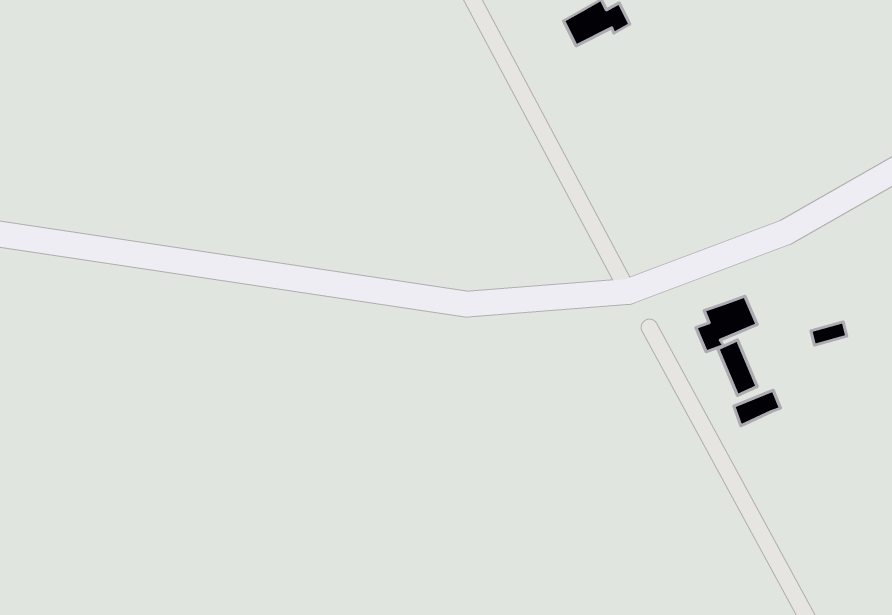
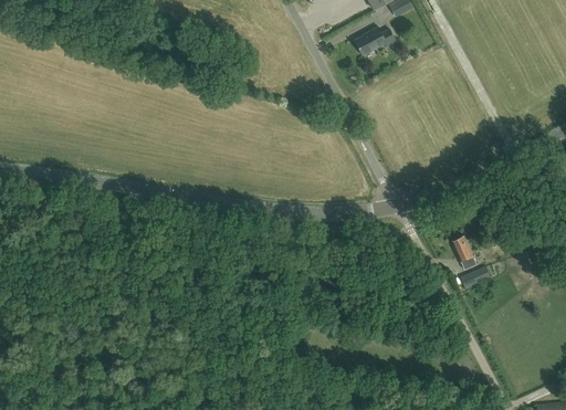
building: [696,296,757,352] -> none

